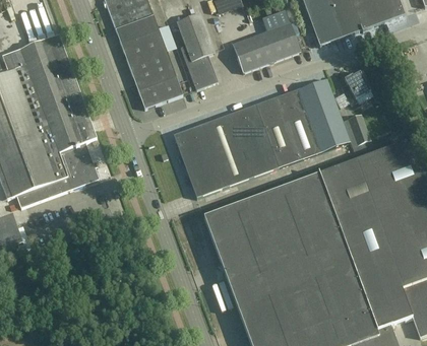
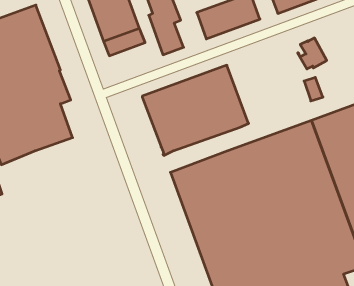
building: [138,75,183,108] -> none
building: [265,78,350,162] -> none

